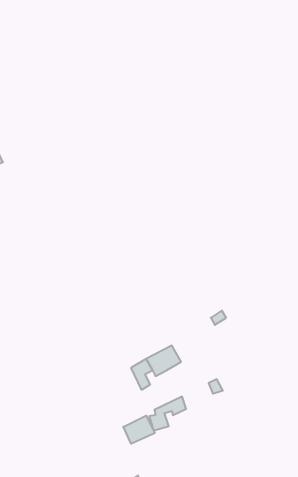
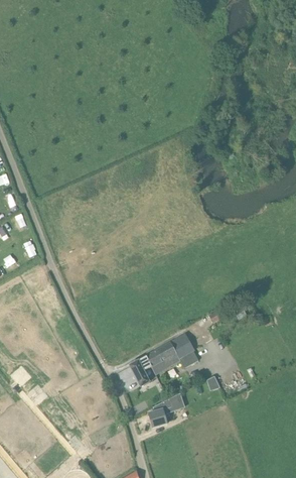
building: none -> [170,333,198,367]
building: [123,416,155,444] -> none

